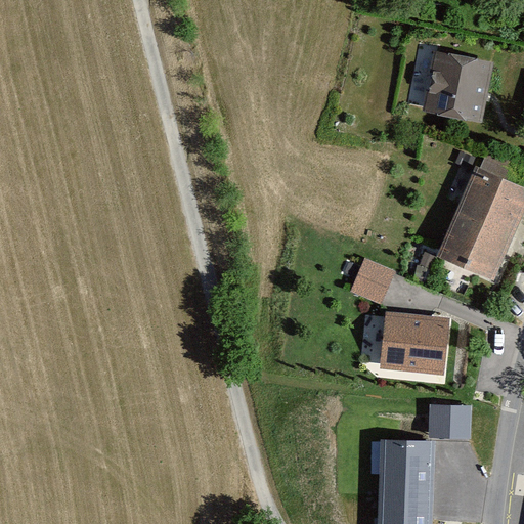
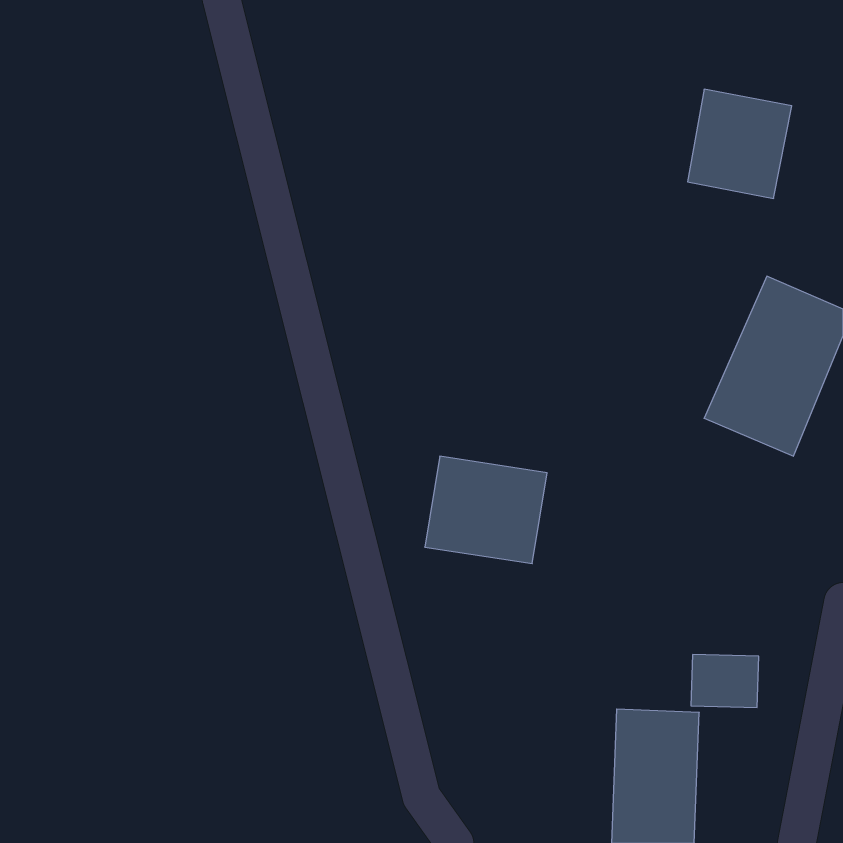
building: [350,255,395,301] -> none
building: [377,307,452,374] -> [425,456,547,564]

